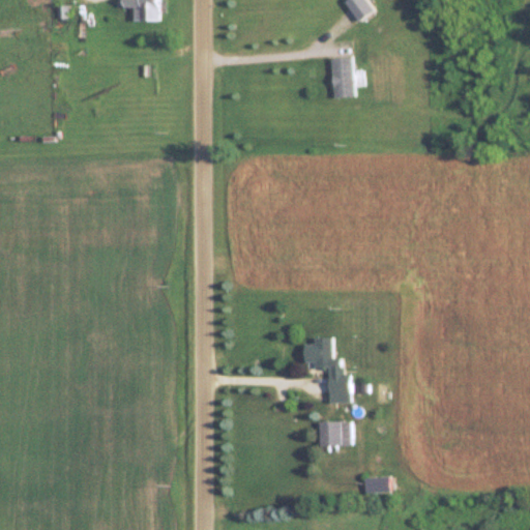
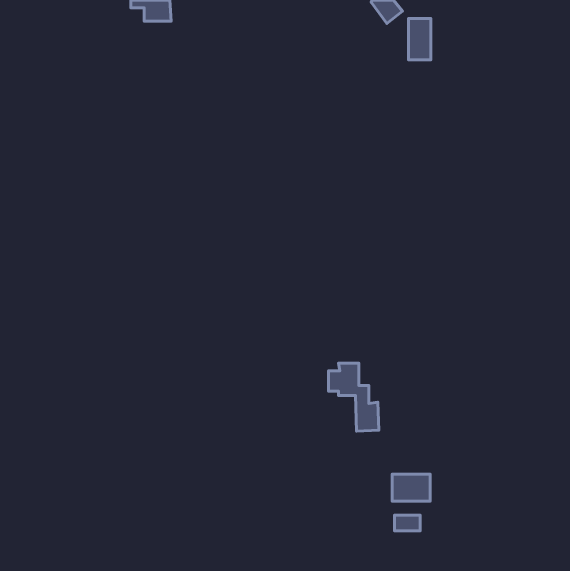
building: [332,58,353,96] -> [409,19,431,60]
building: [319,420,354,445] -> [392,474,430,501]

